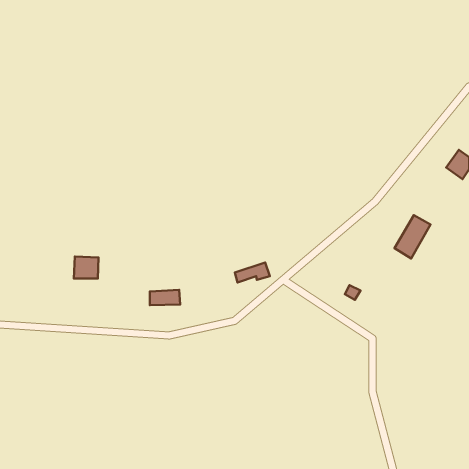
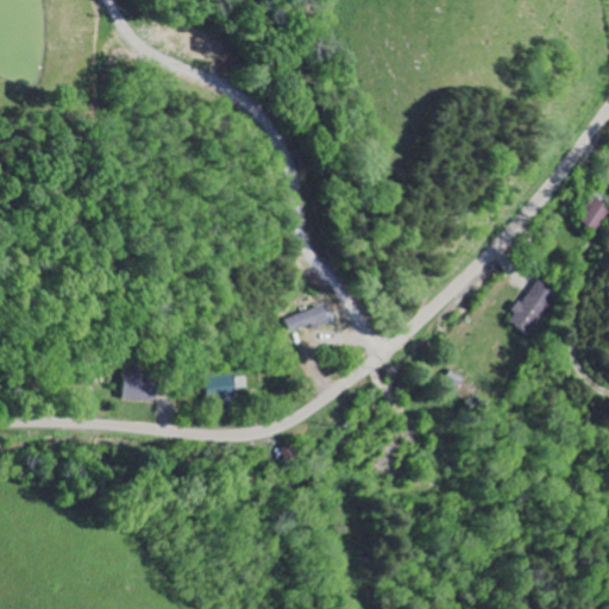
building: [74,257,99,279] -> [121,370,153,398]
building: [235,262,270,283] -> [284,304,329,331]

